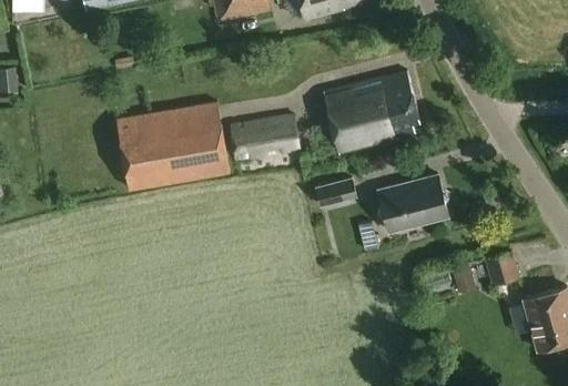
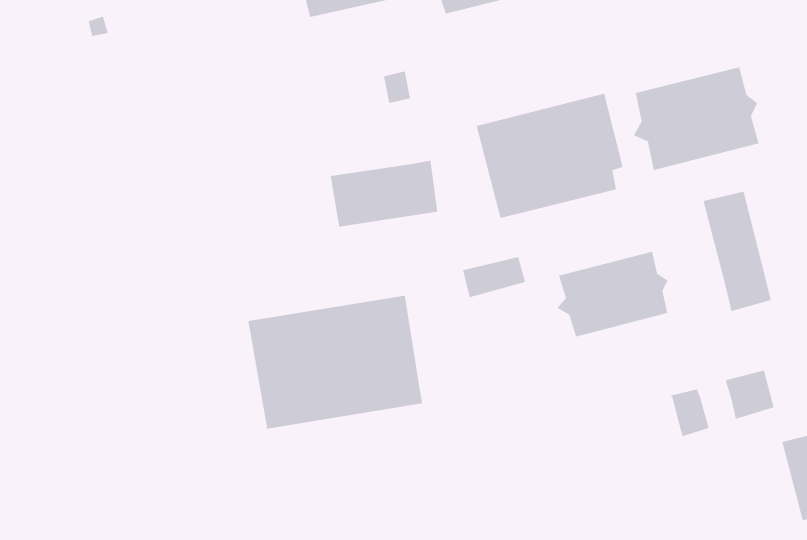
building: none -> [633,67,759,171]
building: [116,102,230,189] -> [248,295,423,429]
building: none -> [703,191,772,312]

